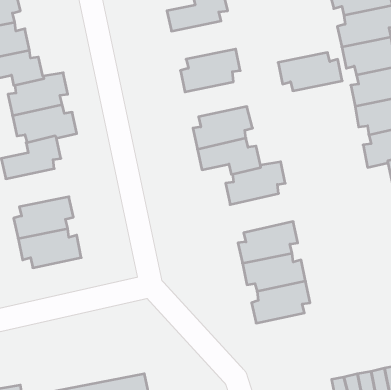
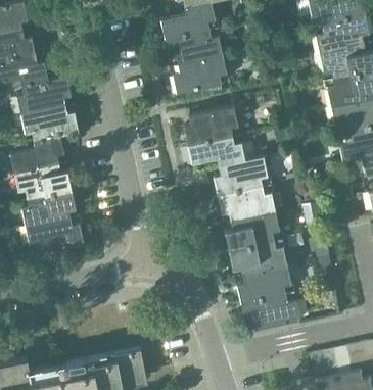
building: [278,53,342,91] -> [165,30,223,64]
building: none -> [14,163,72,198]
building: none -> [218,186,275,222]
building: none -> [241,294,298,330]

